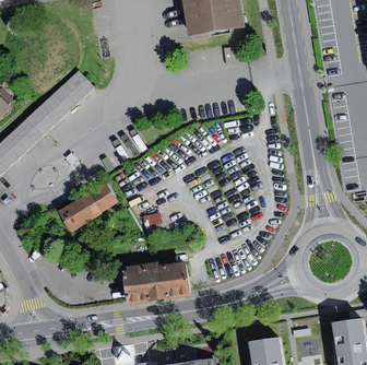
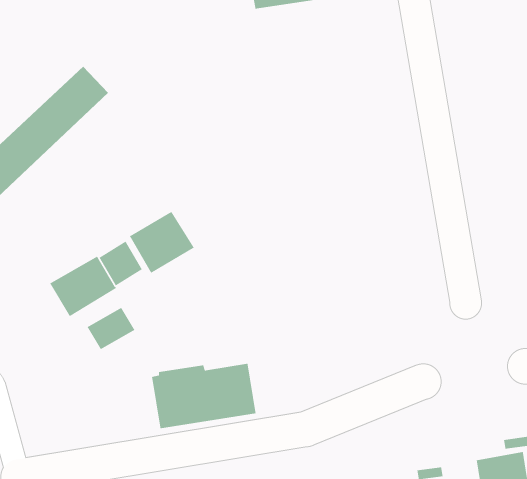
building: none -> [129,211,195,274]
building: none -> [87,307,135,350]

